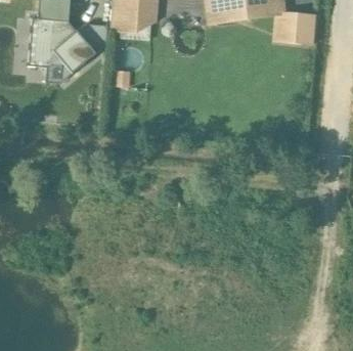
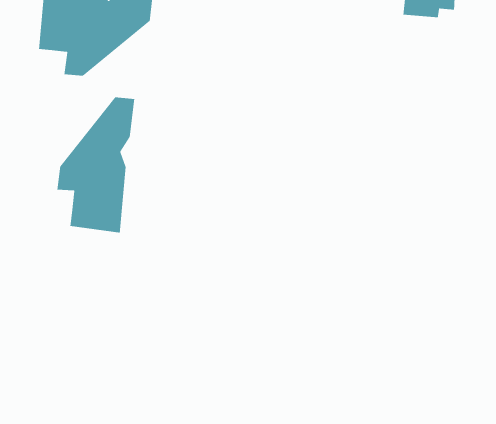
building: none -> [56,96,135,234]

